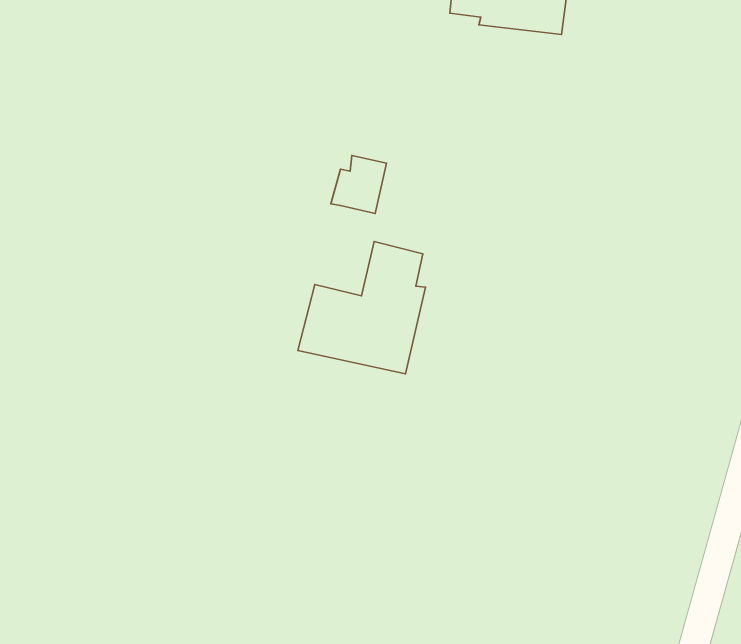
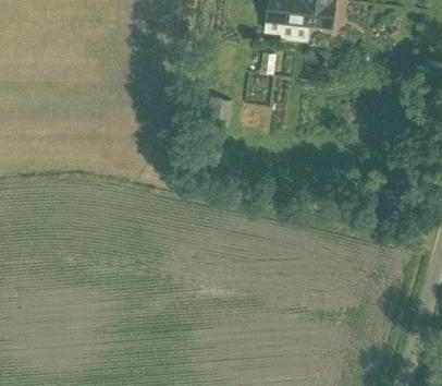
building: [298,242,425,374] -> none

